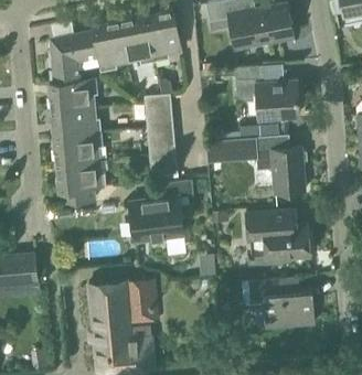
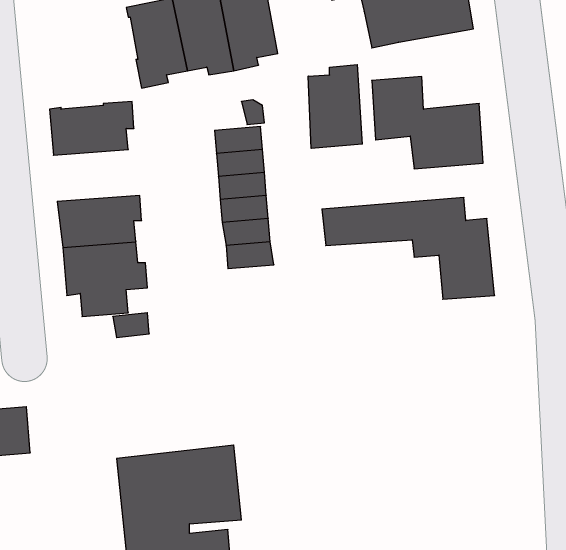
building: [52,31,99,84] -> none
building: none -> [308,65,362,148]
building: [51,107,100,137] -> none
building: [129,181,192,243] -> none
building: [245,210,309,266] -> none
building: [242,277,315,328] -> none

